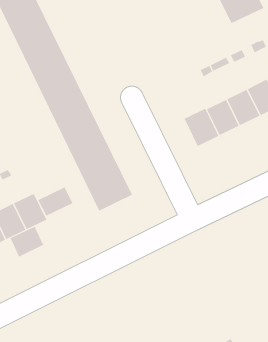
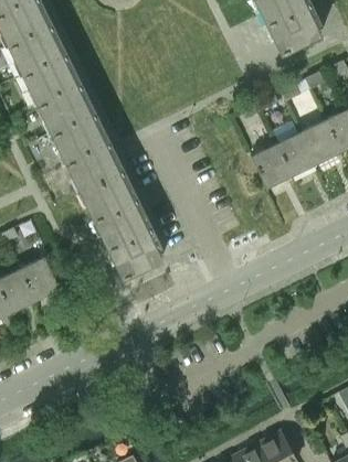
building: [184,108,219,147] -> none
building: [38,187,73,217] -> none
building: [10,226,44,257] -> none

